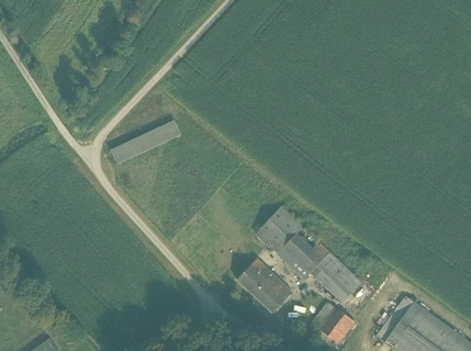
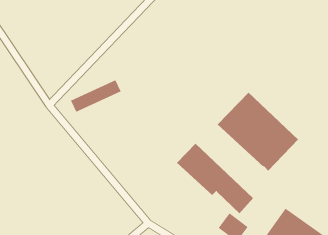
building: none -> [217,92,299,172]
building: [238,259,293,313] -> none

